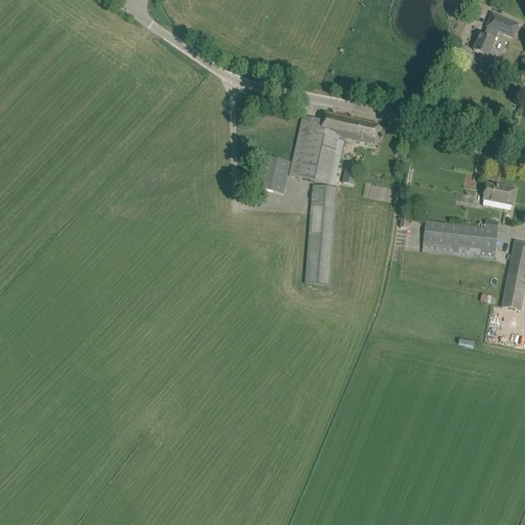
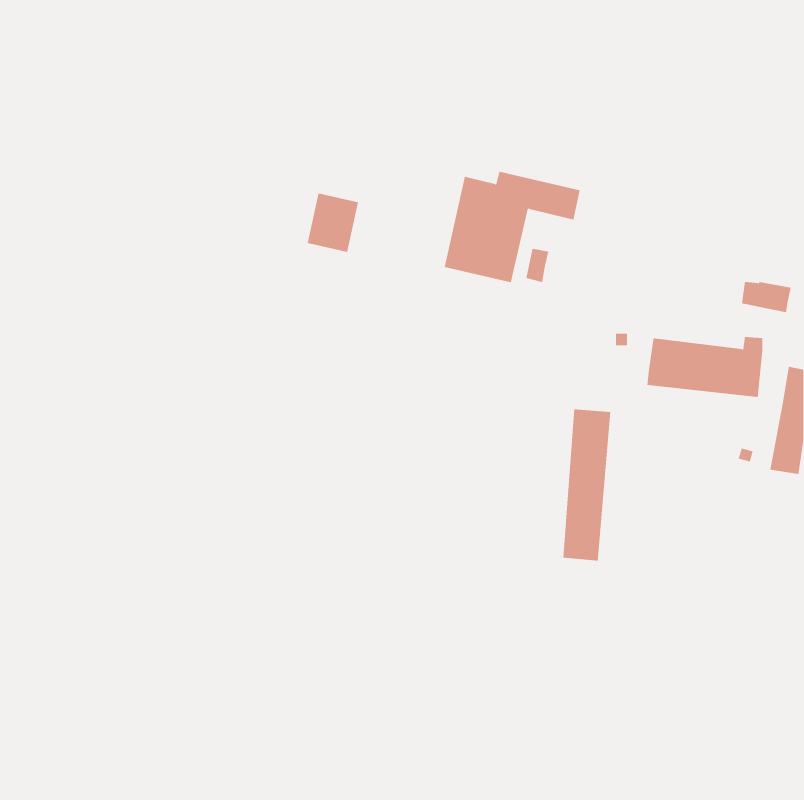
building: [473,12,519,64] -> none
building: [256,155,290,194] -> [307,193,359,253]
building: [306,185,337,284] -> [562,409,611,561]

